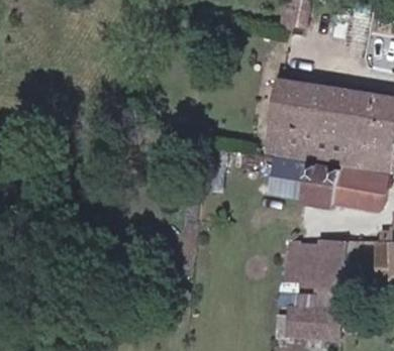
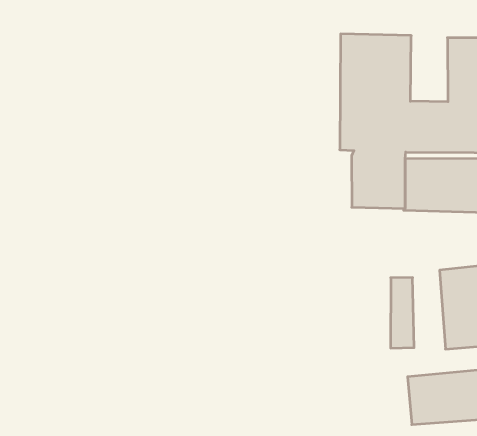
building: [318,85,349,131] -> none

